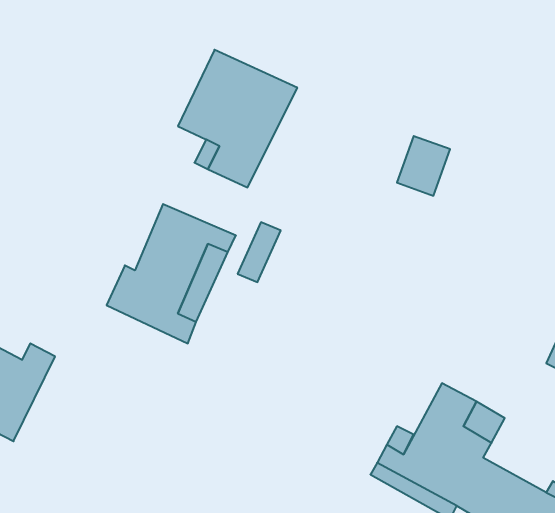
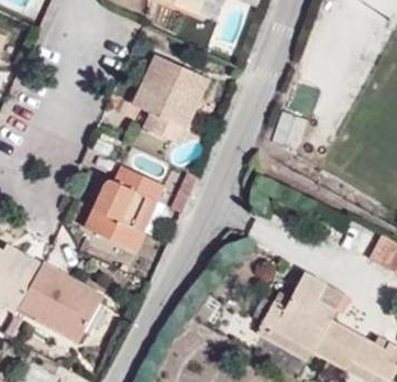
building: none -> [18,257,104,345]

